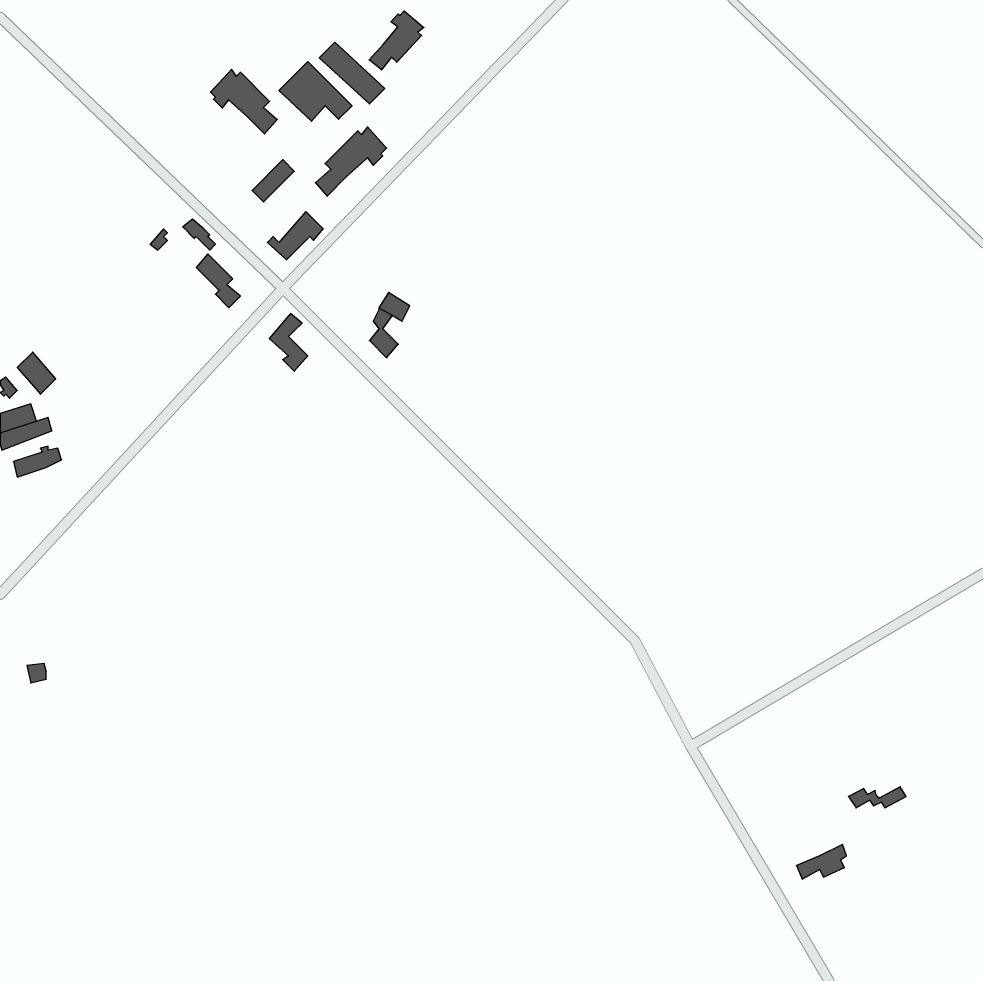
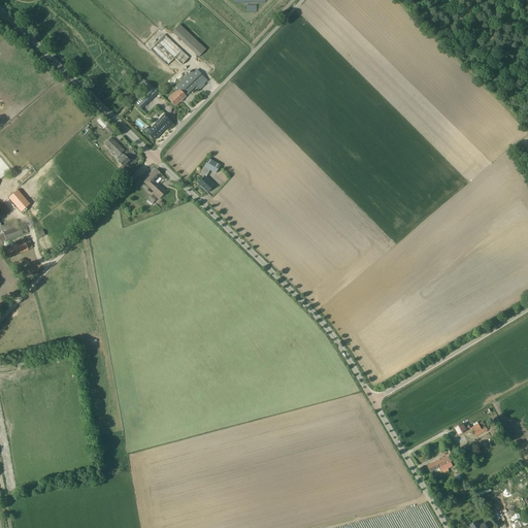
building: [369,11,424,70] -> none
building: [210,69,277,134] -> none

